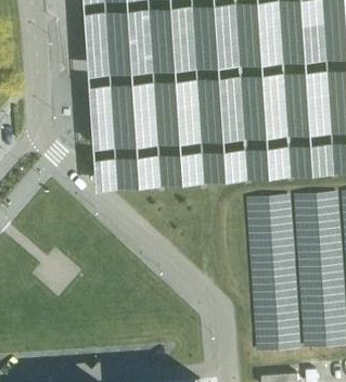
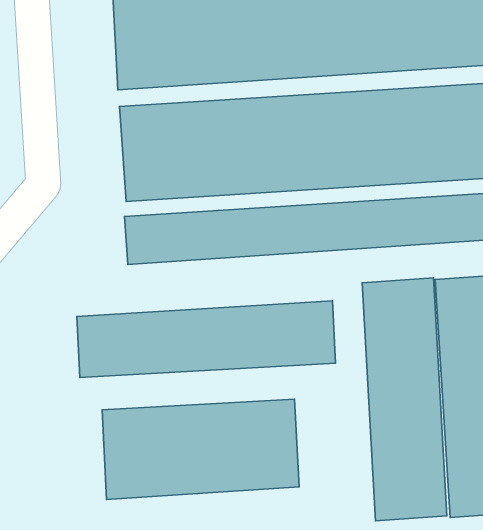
building: none -> [77,301,336,378]
building: none -> [102,399,299,500]

